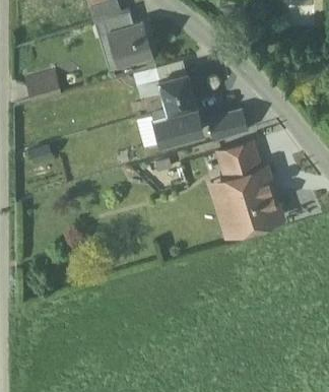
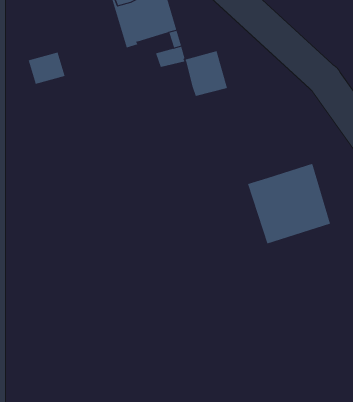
building: [153,104,203,144] -> none
building: [207,108,249,141] -> none
building: [219,143,260,179] -> none

